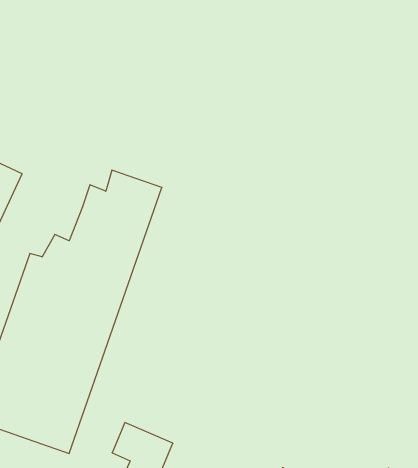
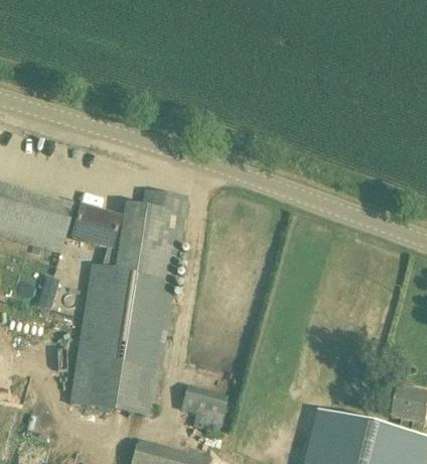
building: none -> [70,209,127,254]

